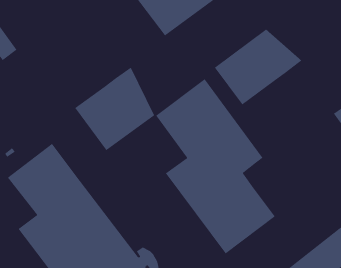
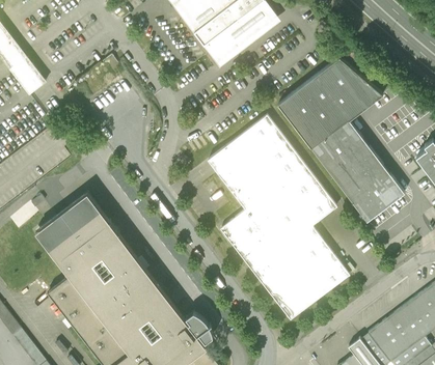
building: [74,67,155,151] -> none
building: none -> [309,119,402,221]

